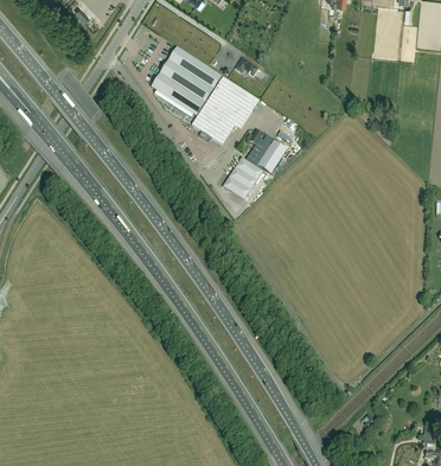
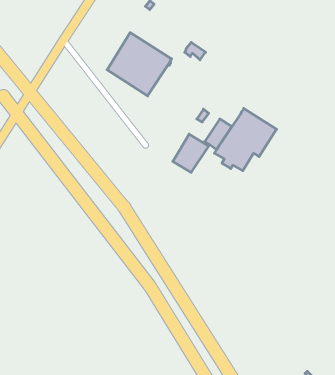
building: [191,77,258,145] -> [214,108,277,171]

